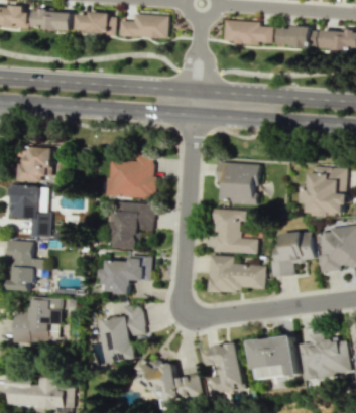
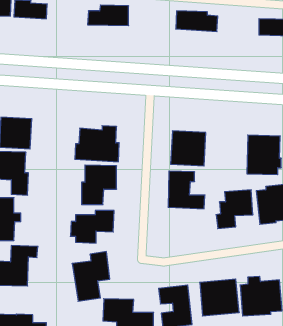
building: [76,12,116,33] -> none
building: [277,25,312,46] -> none
building: [208,254,265,291] -> none

